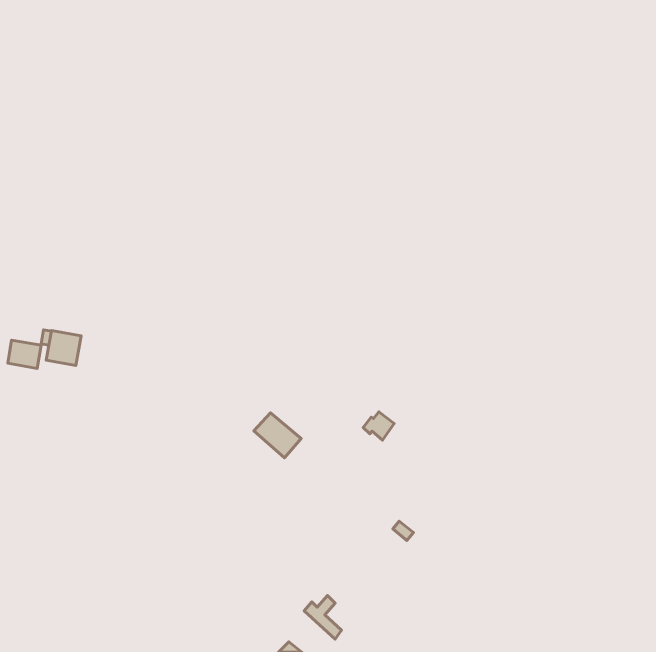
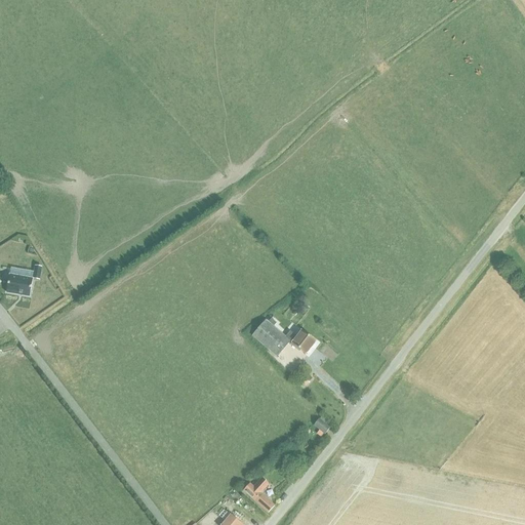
building: [46,330,81,365] -> none
building: [254,413,301,458] -> [252,319,290,355]

